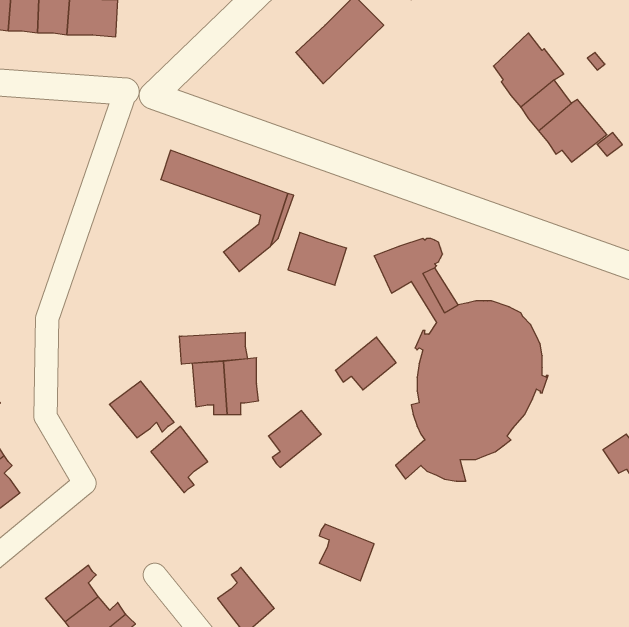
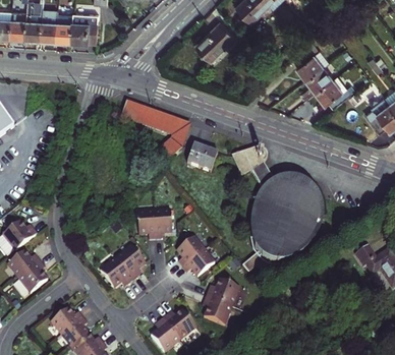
building: [179,332,247,364] -> none
building: [335,337,396,390] -> [183,248,215,276]
building: [109,381,174,438] -> [100,257,133,287]
building: none -> [207,279,240,305]
building: none -> [51,307,83,334]
building: none -> [163,309,196,339]

